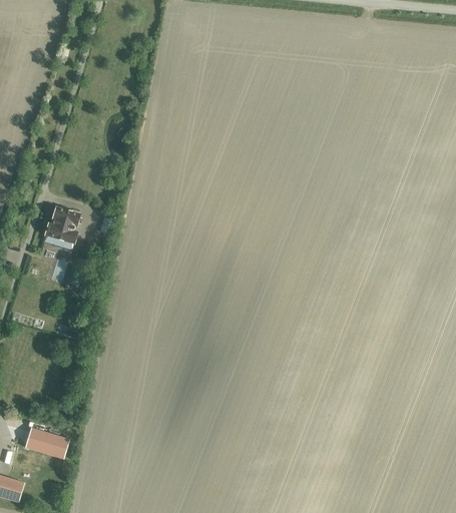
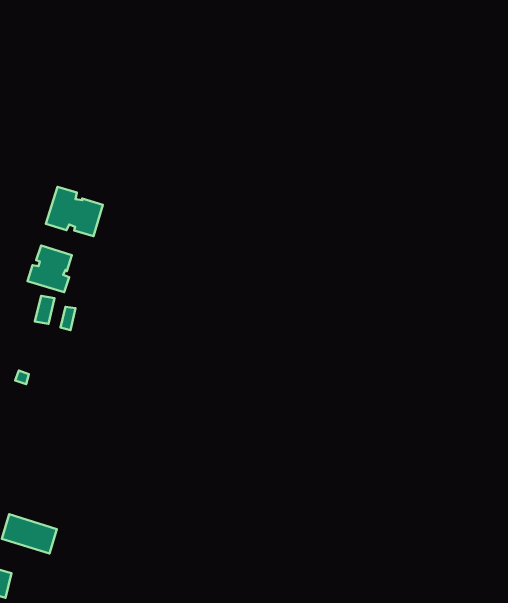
building: none -> [46,187,103,236]

